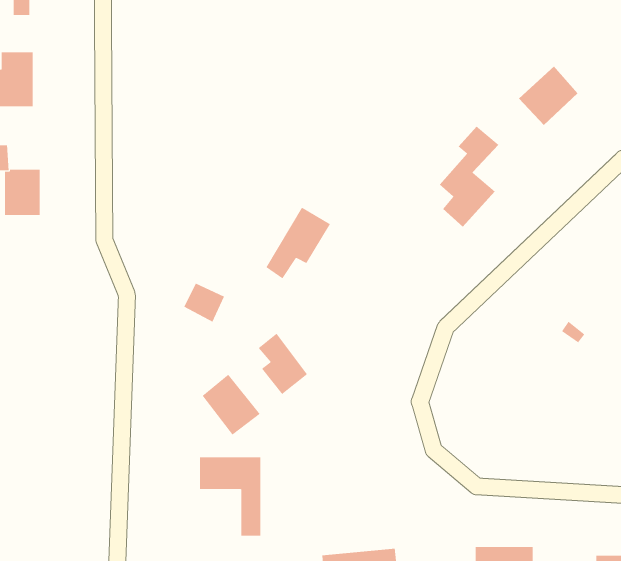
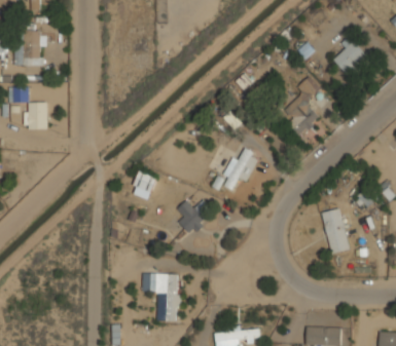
building: [265,207,331,279] -> [221,147,260,190]
building: none -> [322,207,351,254]
building: [202,374,260,436] -> none

